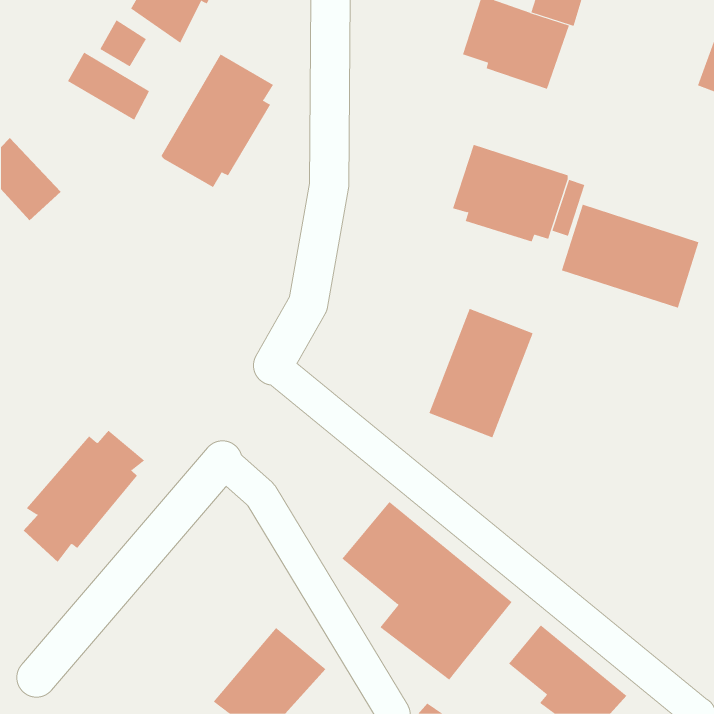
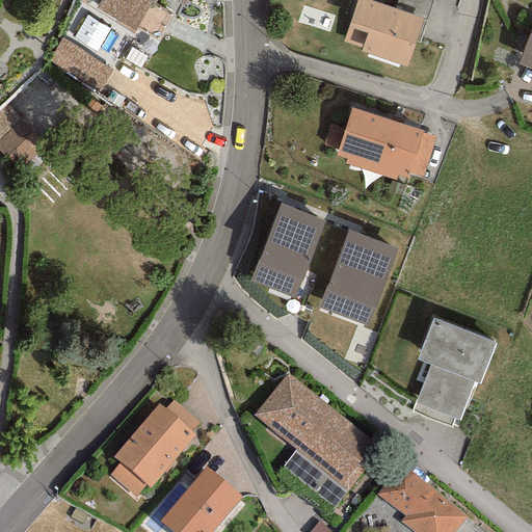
building: [161,54,274,188] -> none
building: [561,204,699,309] -> none
building: none -> [250,202,325,296]
building: none -> [411,318,497,427]
building: [23,430,145,563] -> [110,399,201,498]

